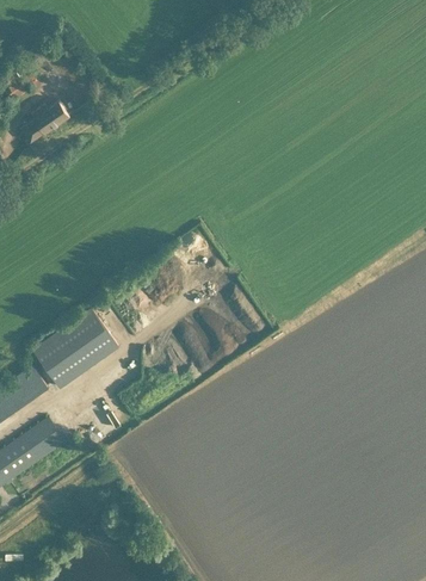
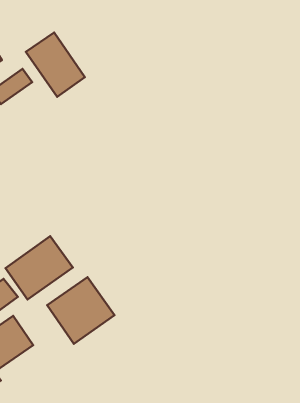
building: none -> [26,32,85,97]
building: none -> [47,277,114,344]

